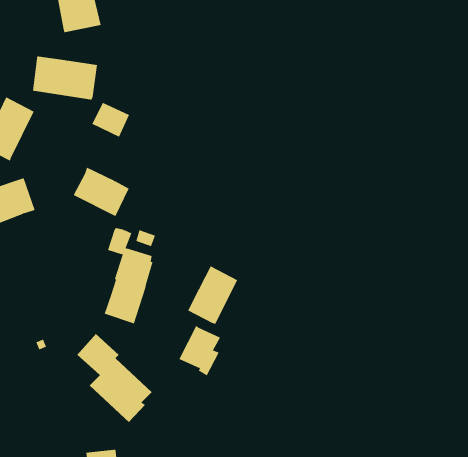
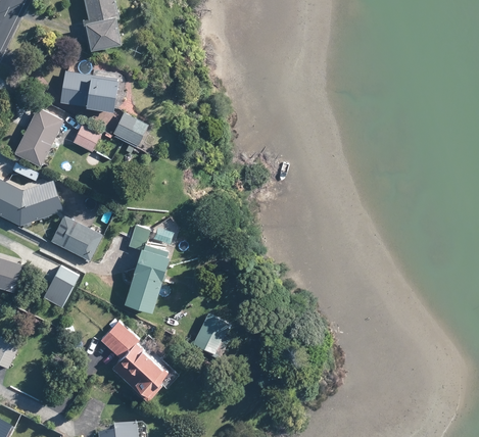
building: none -> [73,125,100,152]
building: [73,167,130,217] -> [51,215,102,260]
building: [188,265,238,325] -> none
building: none -> [43,266,79,307]

